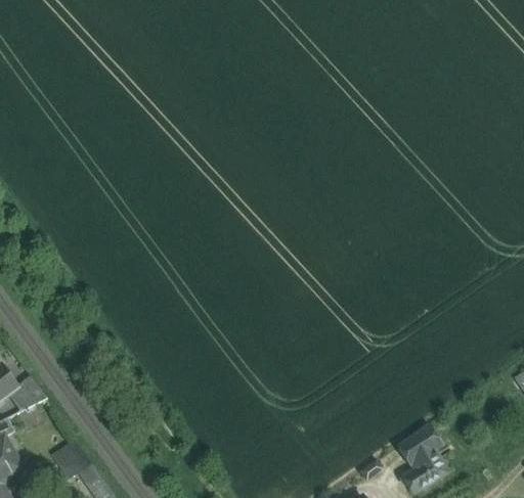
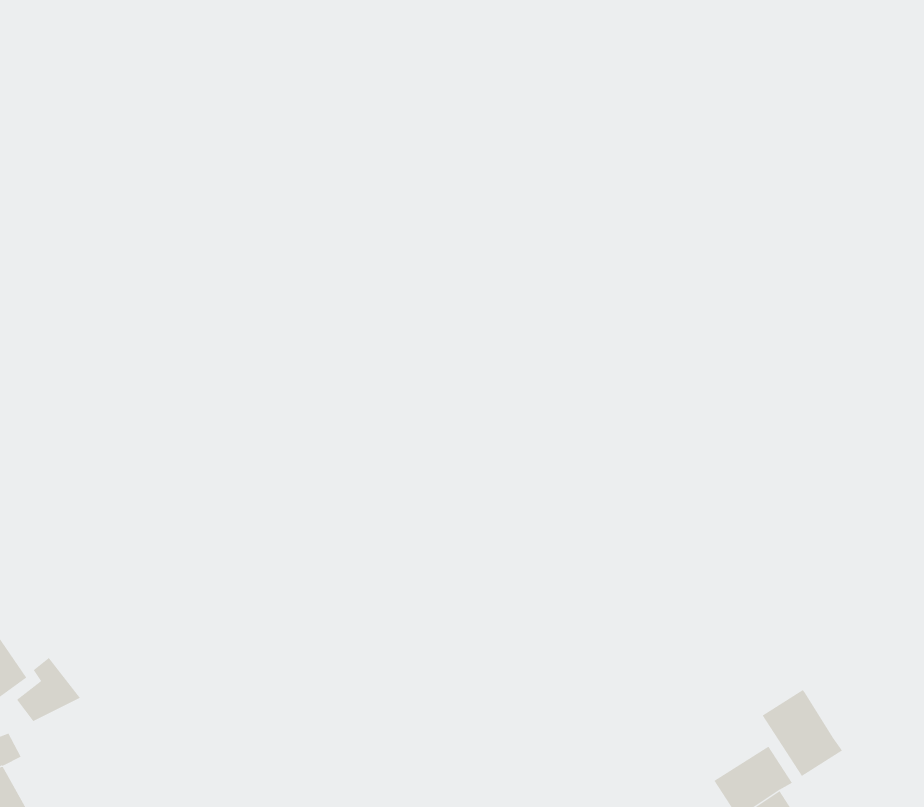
building: none -> [762,689,843,777]

